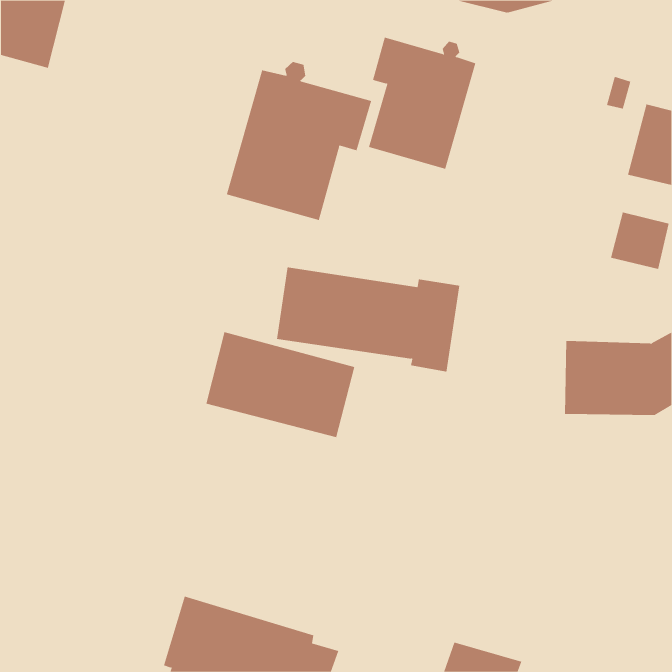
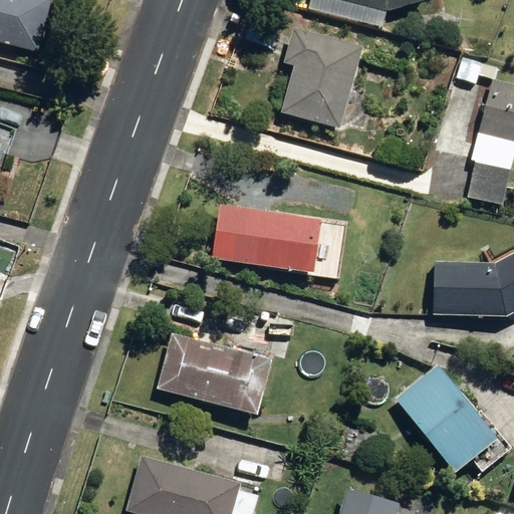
building: [226,61,372,221] -> none
building: [205,331,355,438] -> [158,333,272,415]
building: none -> [397,365,498,474]

